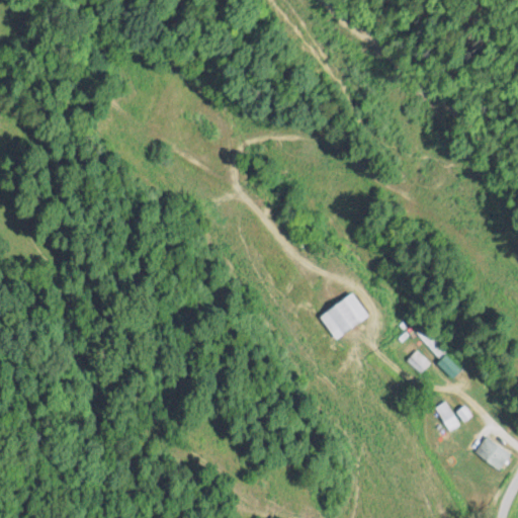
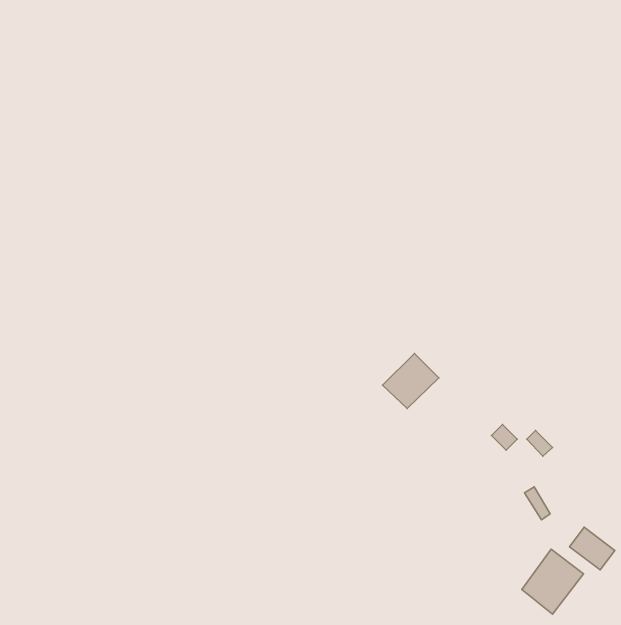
building: none -> [522,549,583,614]

